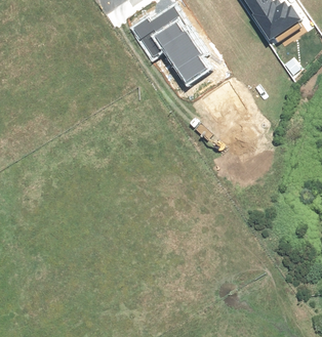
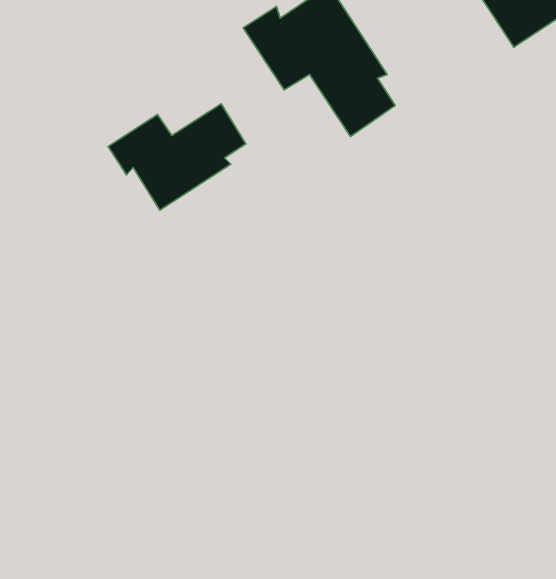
building: none -> [108,104,246,210]

